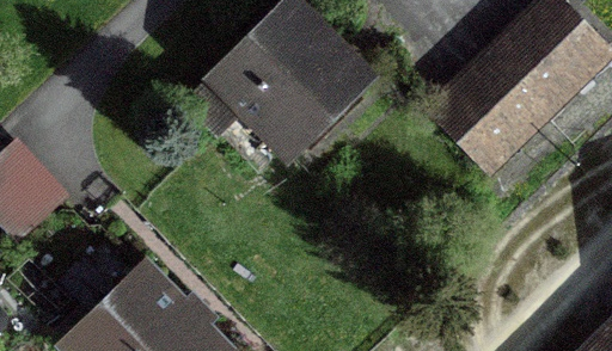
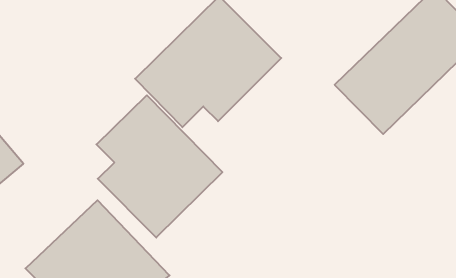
building: none -> [96,95,222,238]

